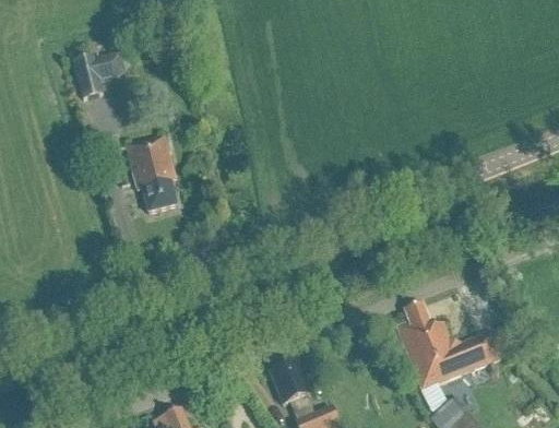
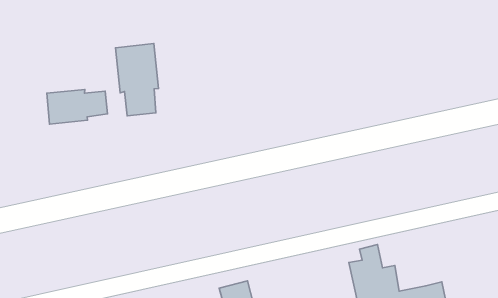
building: none -> [47,89,107,124]

